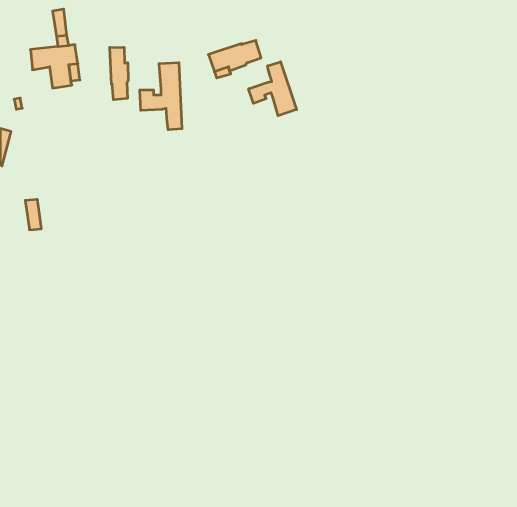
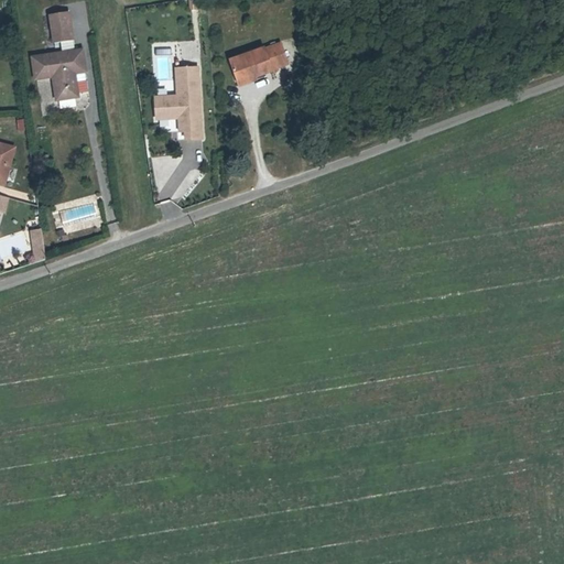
building: [110,47,128,100] -> none
building: [249,62,297,116] -> none

